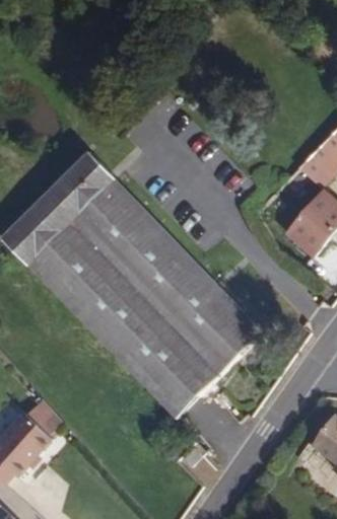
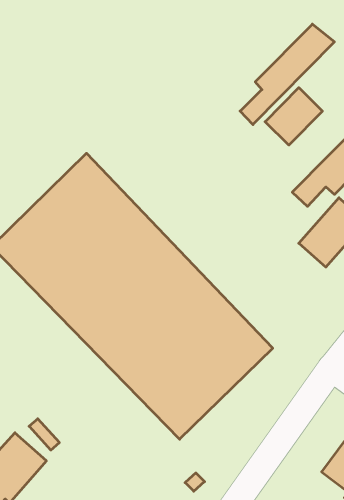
building: none -> [240,24,334,125]
building: none -> [265,88,322,145]

